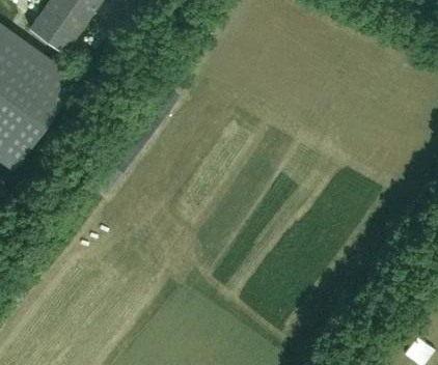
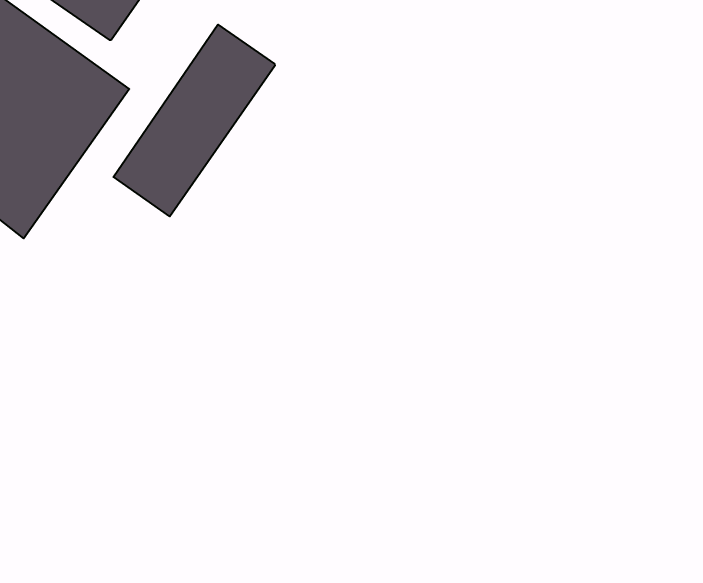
building: none -> [113,25,275,216]

